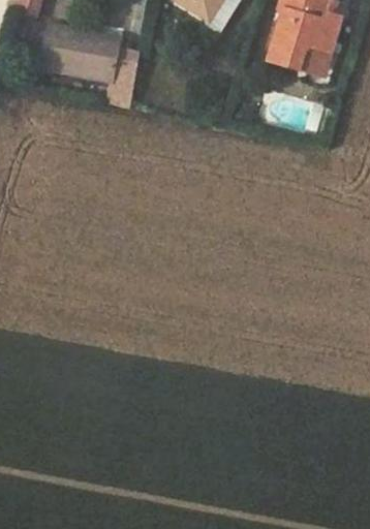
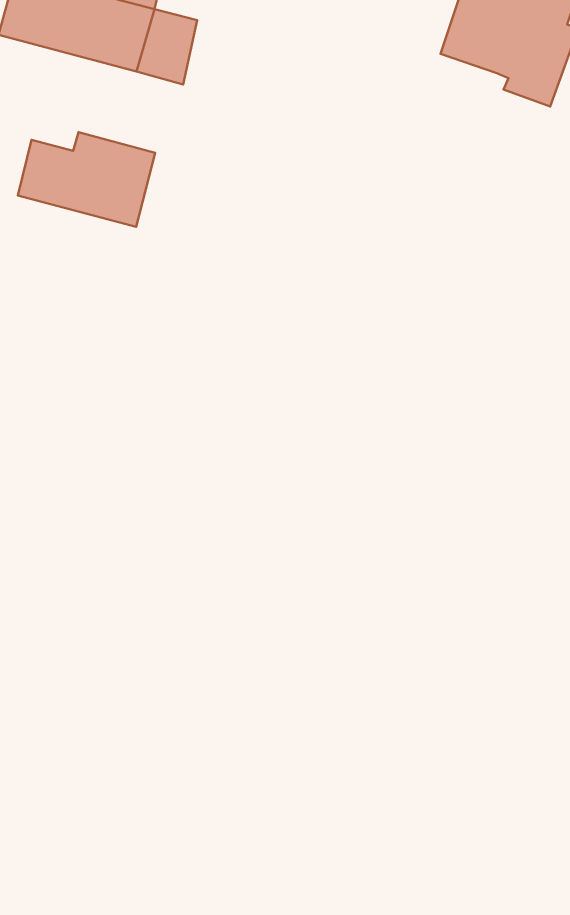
building: none -> [18,132,155,227]

